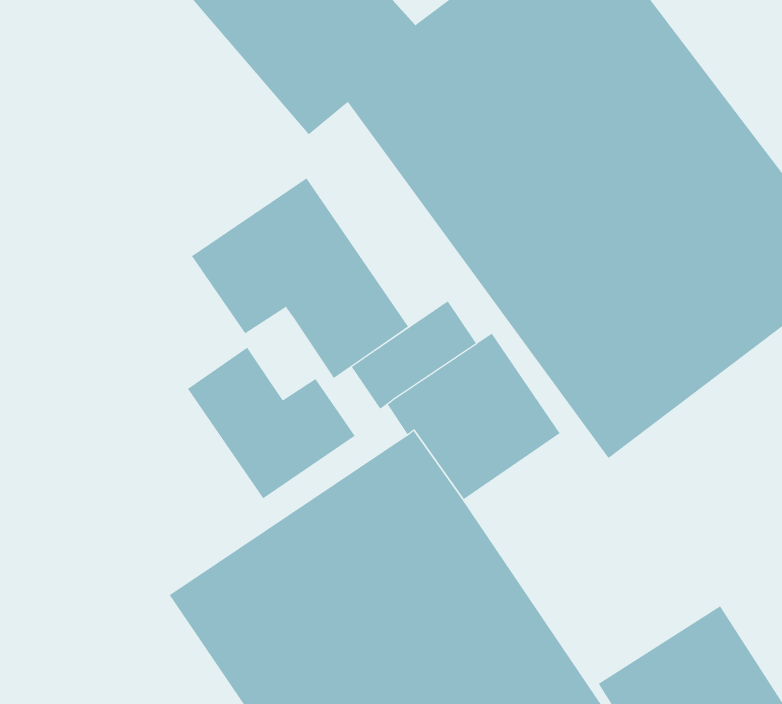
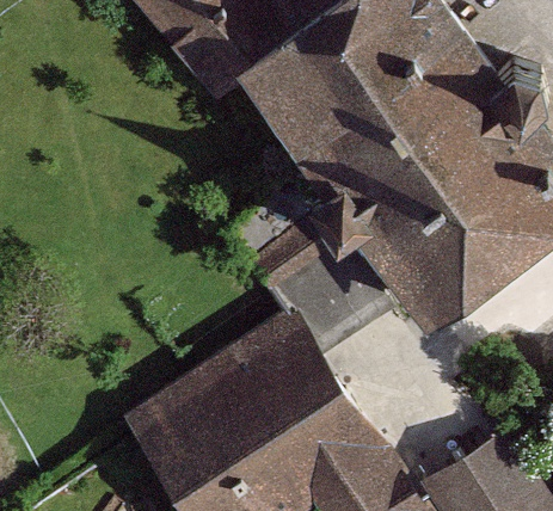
building: [191,178,409,379] -> none
building: [187,347,356,499] -> none

